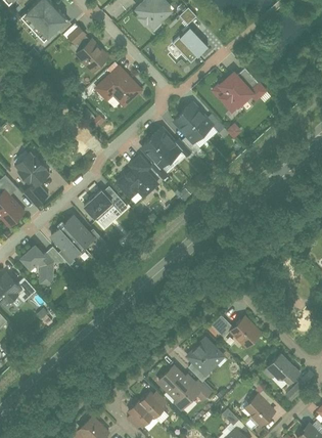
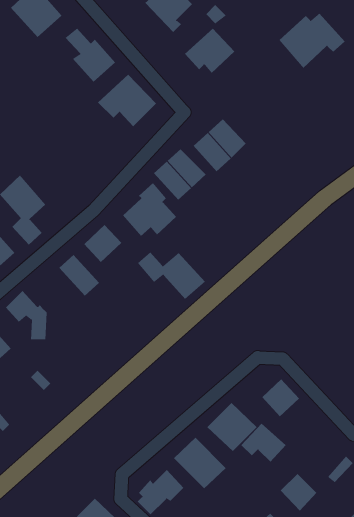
building: [213,68,268,114] -> [278,13,346,69]
building: none -> [137,251,206,300]
building: [50,225,84,260] -> none
building: [263,352,301,385] -> [241,423,287,463]

